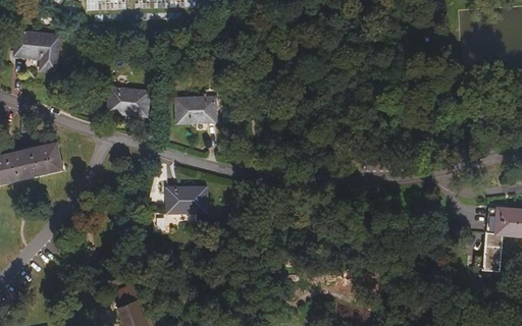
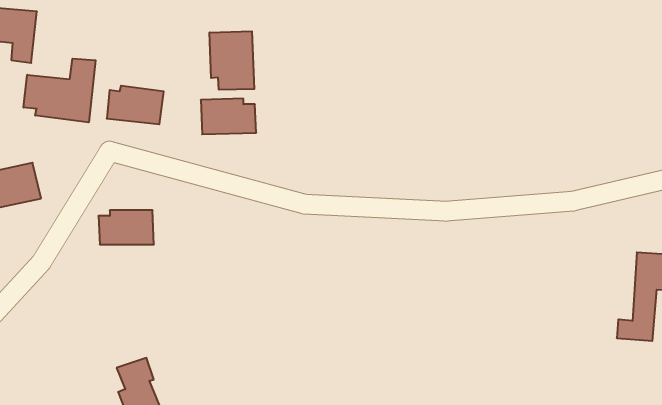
building: none -> [210,31,254,90]
building: none -> [24,59,96,122]
building: [167,187,207,212] -> [98,210,154,244]

